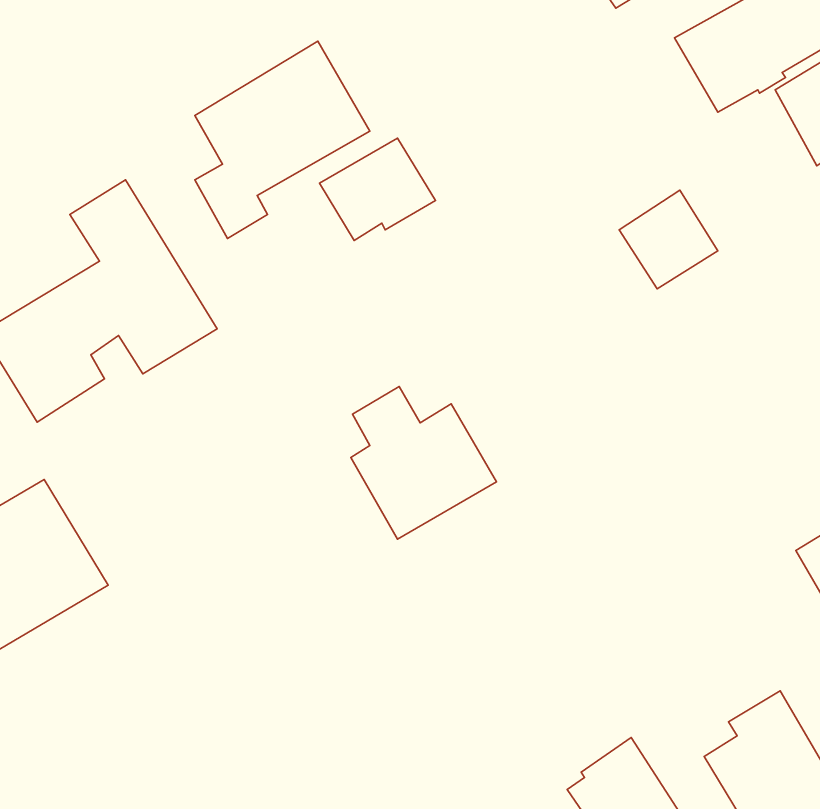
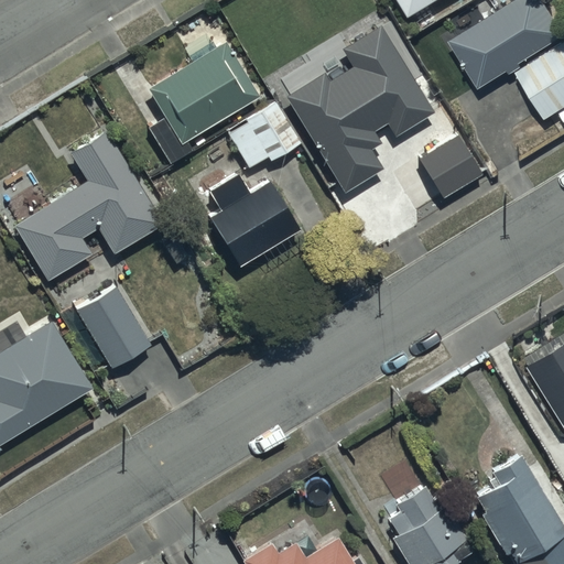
building: none -> [285,28,435,195]
building: [351,387,496,539] -> [206,171,299,268]
building: none -> [76,286,151,369]

